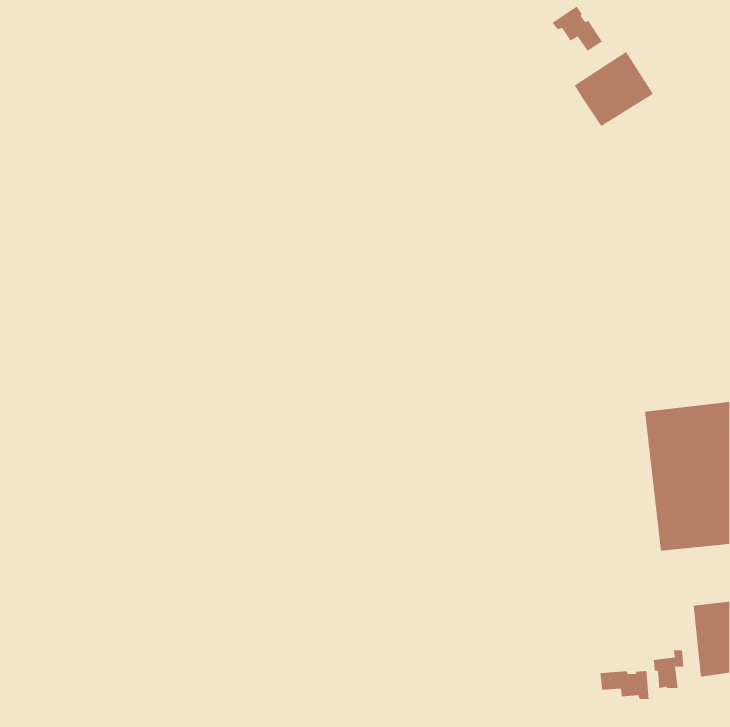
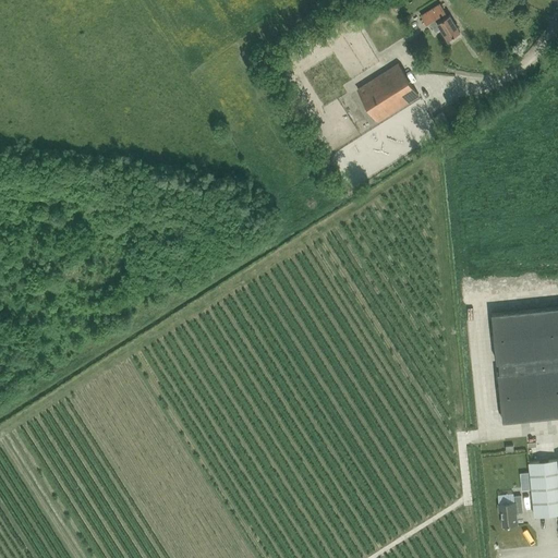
building: [574,51,654,127] -> [357,65,418,123]
building: [600,670,649,700] -> none

